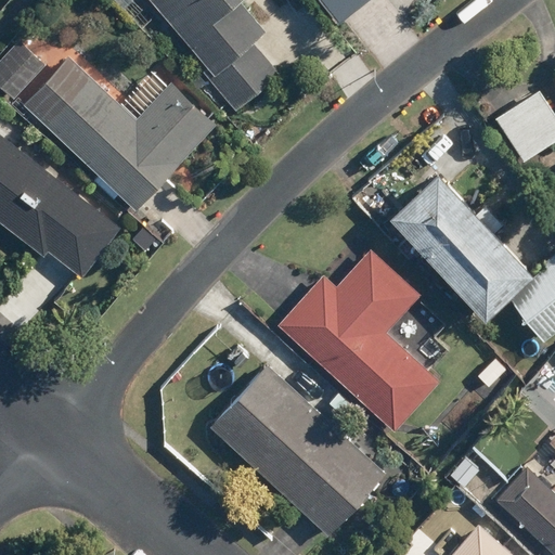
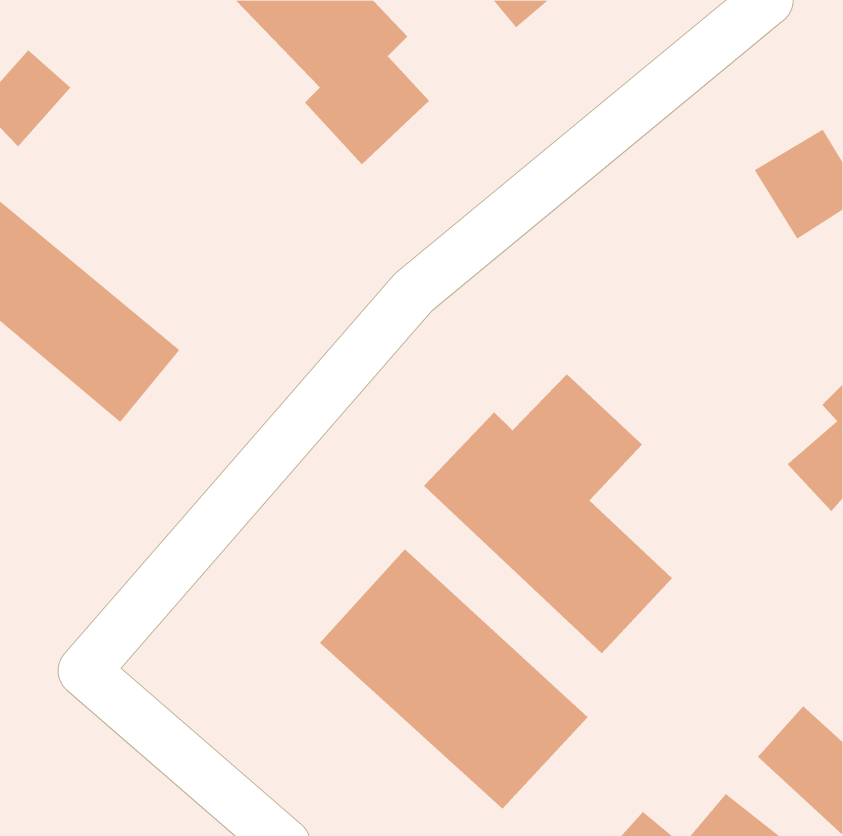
building: [22,56,216,211] -> none
building: [389,170,534,318] -> none

